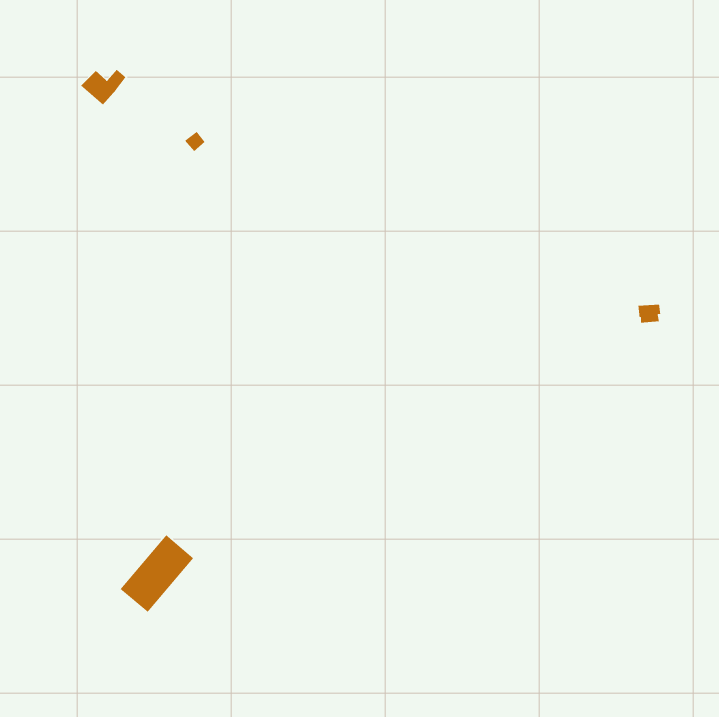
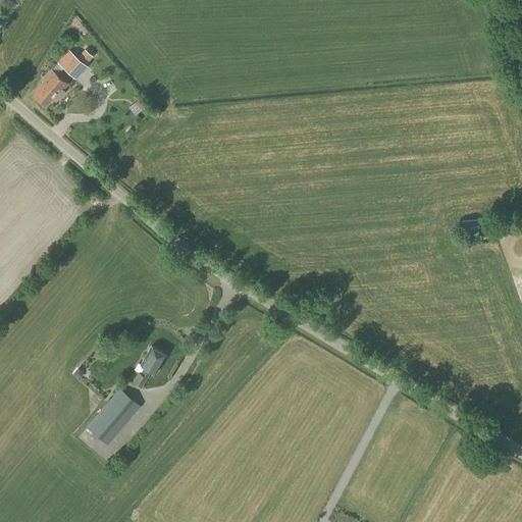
building: none -> [34,71,67,106]
building: none -> [133,346,167,387]

